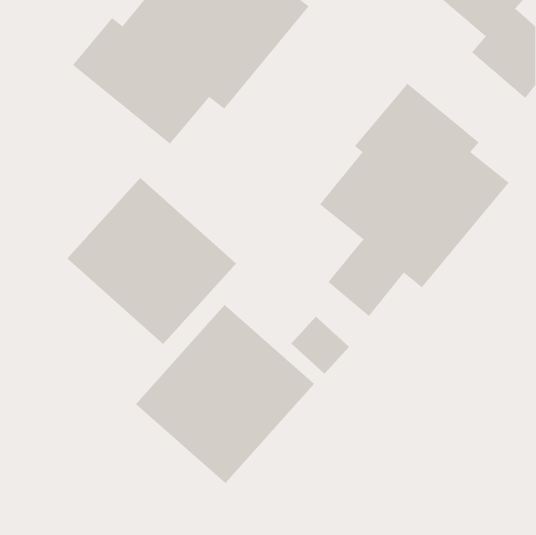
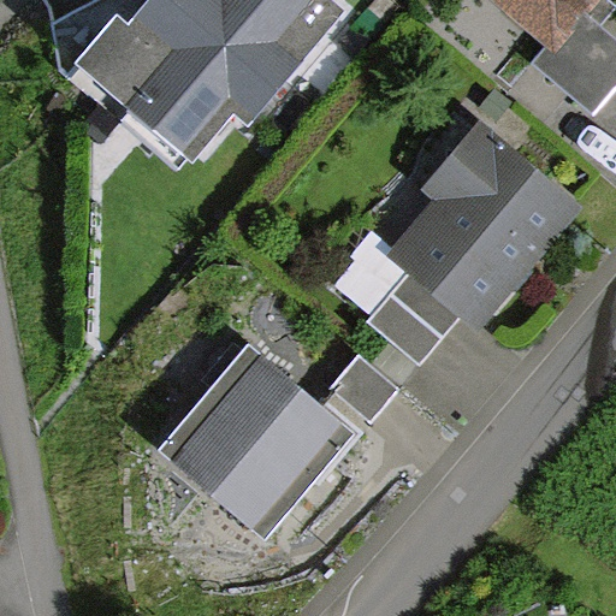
building: [67,177,237,345] -> none

